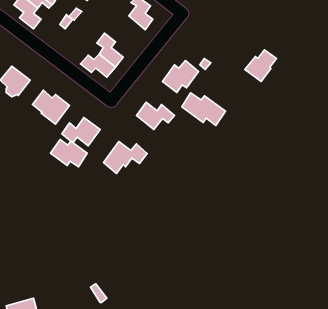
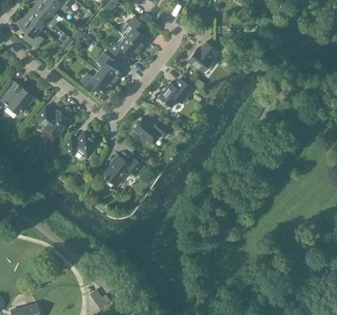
building: none -> [109,36,142,59]
building: [245,50,276,82] -> [187,42,217,72]
building: [182,93,226,125] -> none
building: [51,140,87,167] -> none

